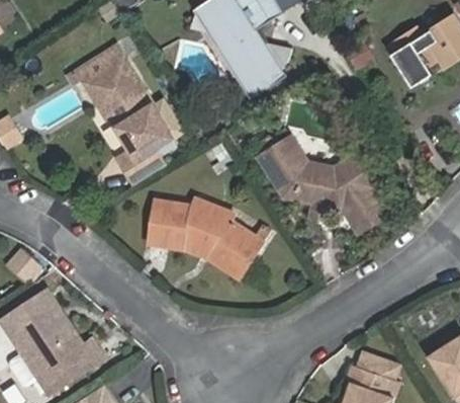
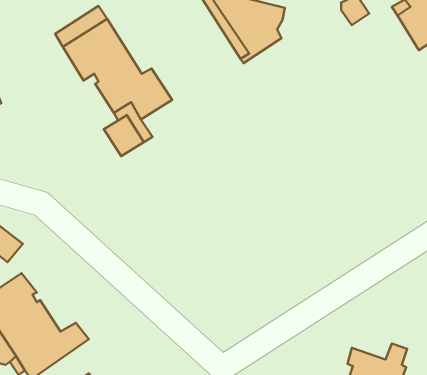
building: [259,138,389,234] -> none
building: [149,199,263,274] -> none

